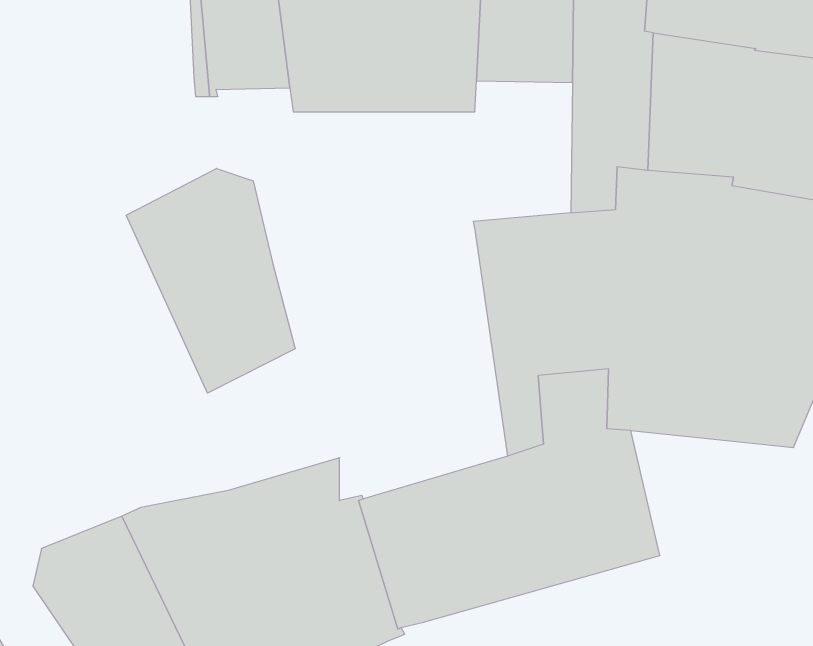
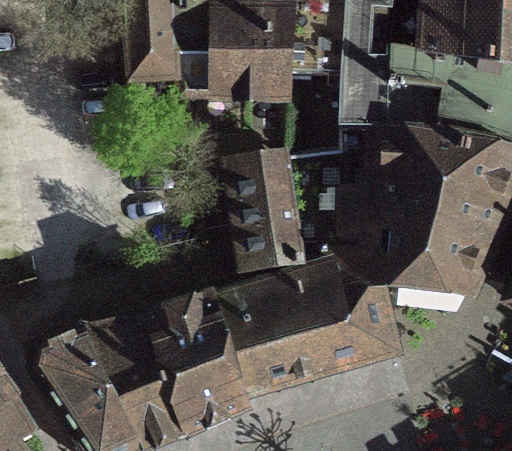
building: [126,168,295,393] -> none
building: none -> [215,165,313,323]

